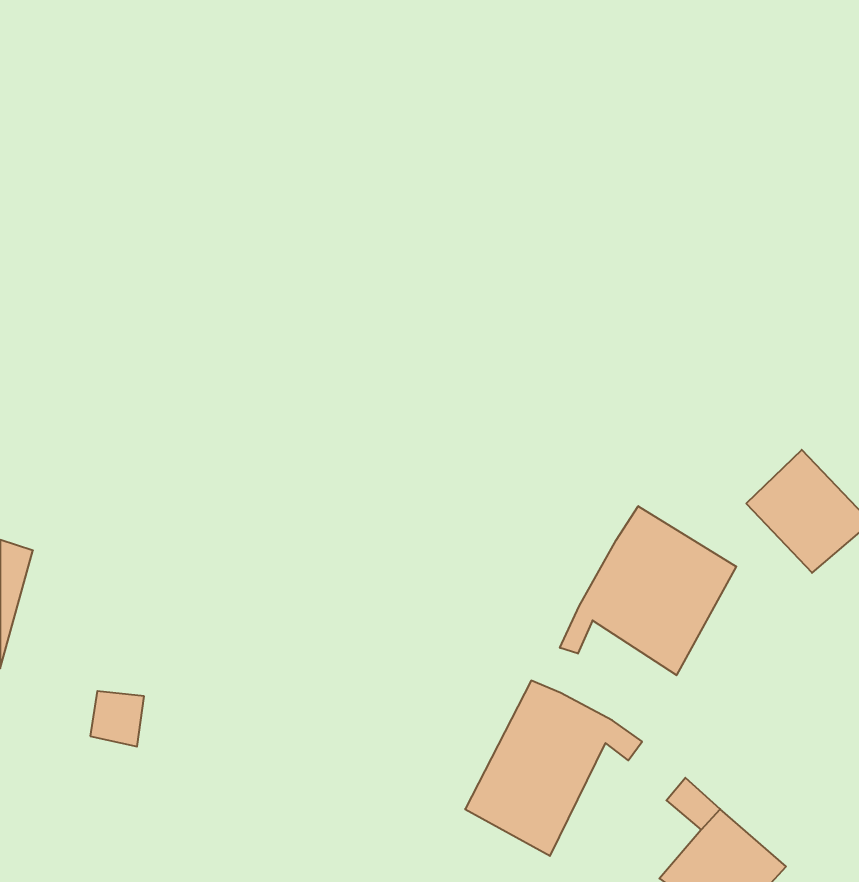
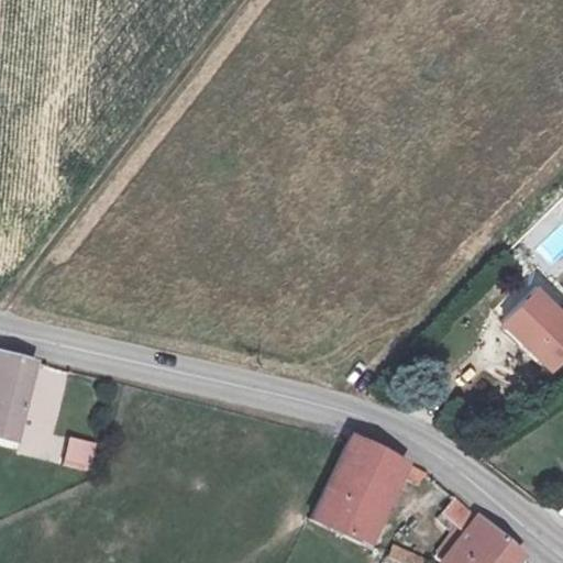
building: [560,506,736,675] -> none

